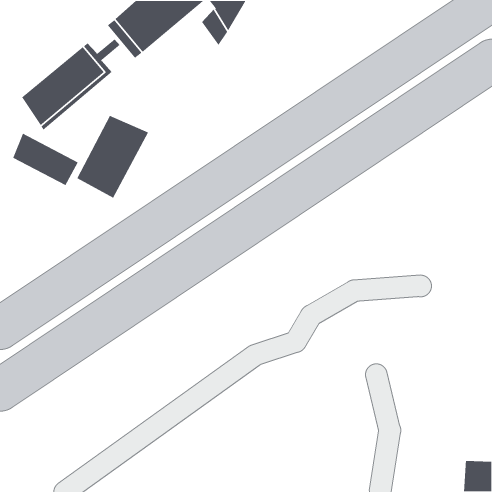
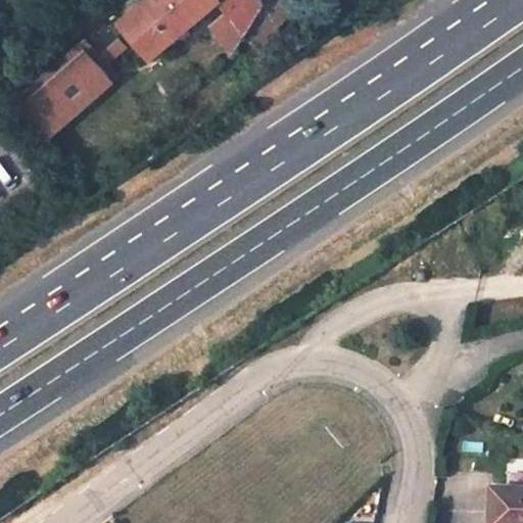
building: [76,115,149,199] -> none
building: [12,132,79,186] -> none

